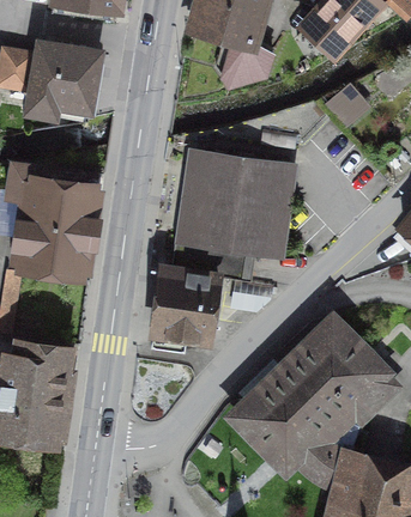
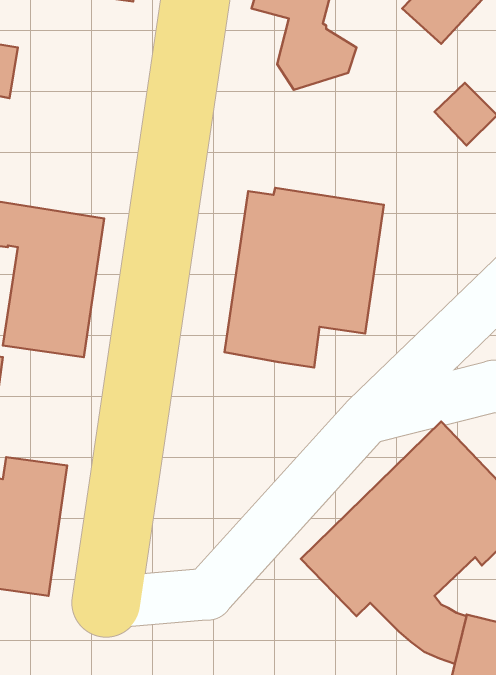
building: [28,43,96,112] -> none
building: [150,266,216,351] -> none

